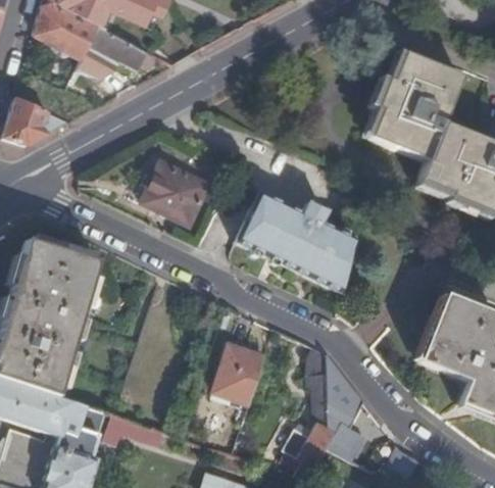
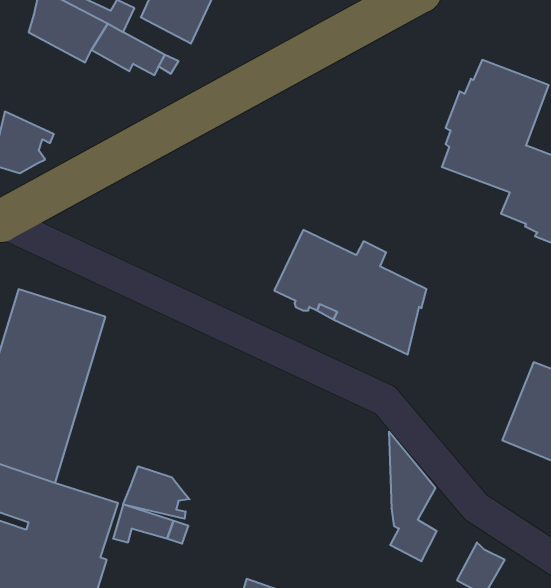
building: [140,160,207,225] -> none
building: [215,346,266,404] -> none
building: [284,347,334,477] -> none
building: none -> [123,466,190,519]

